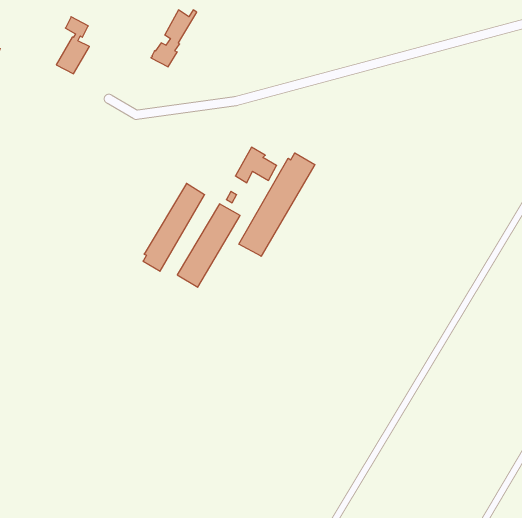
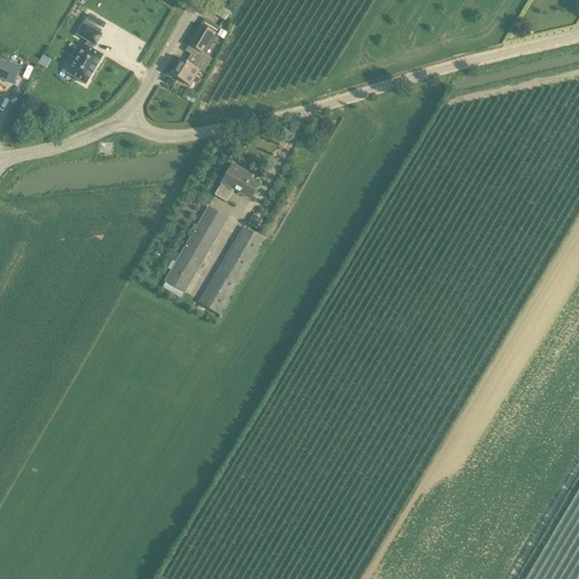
building: [235,147,277,183] -> [215,161,258,199]
building: [239,153,315,256] -> none

